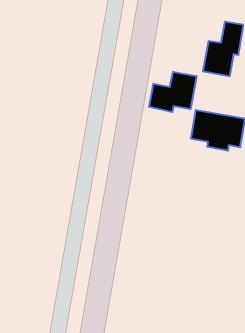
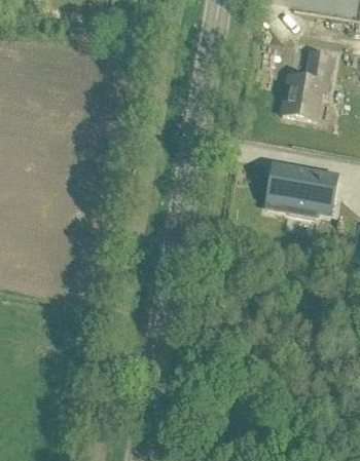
building: [149,72,197,112] -> none

